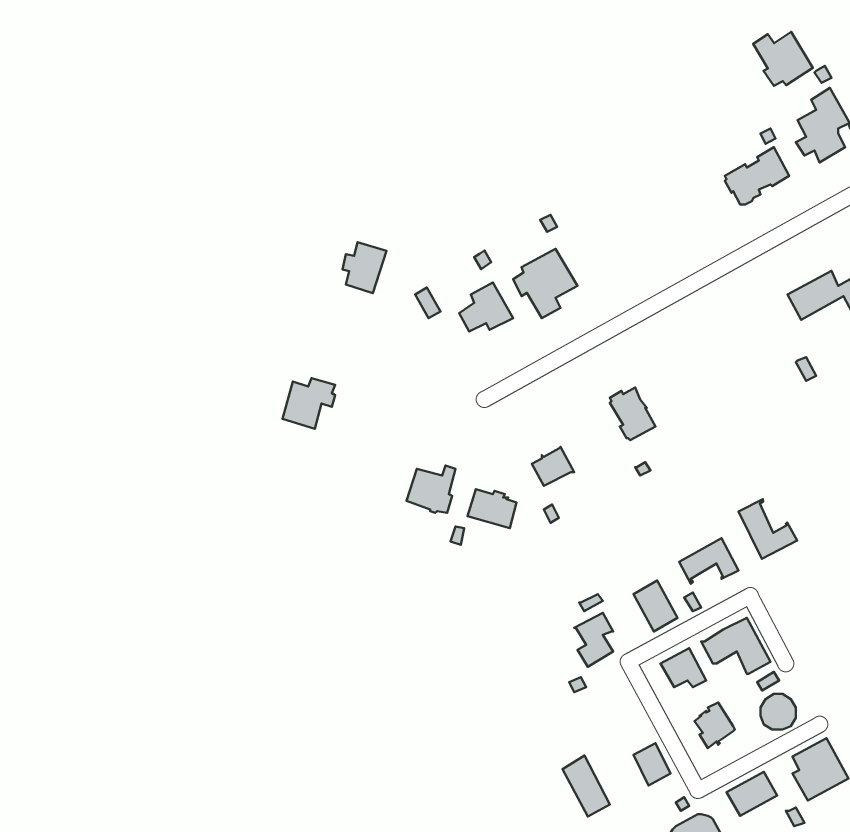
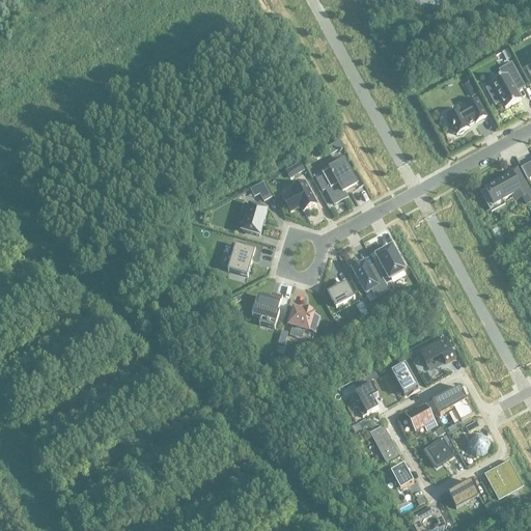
building: [753,32,813,86] -> none
building: [342,242,386,293] -> [239,202,266,233]
building: [283,378,335,429] -> [227,240,259,271]
building: none -> [350,260,387,291]
building: [739,499,797,559] -> none
building: [562,756,610,816] -> [368,423,397,460]

